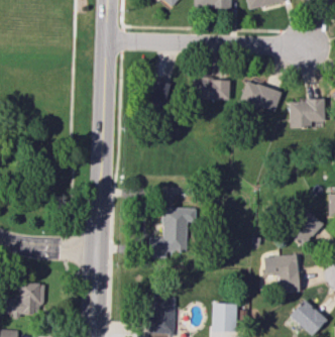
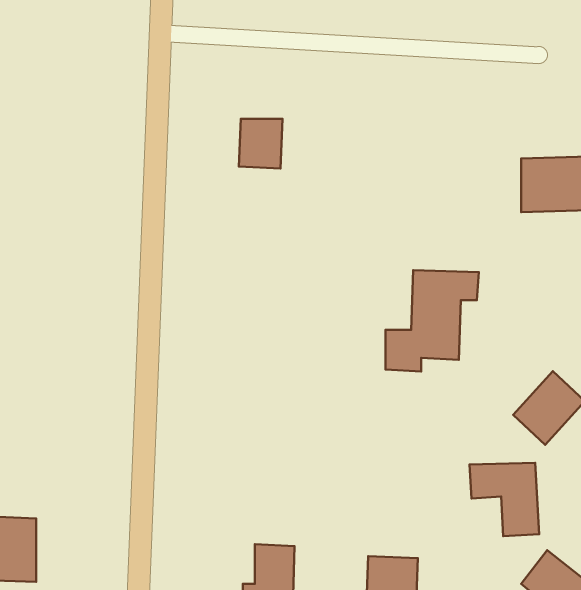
building: [193,79,232,100] -> none
building: [241,81,283,112] -> none
building: [149,207,197,258] -> [385,270,479,372]

